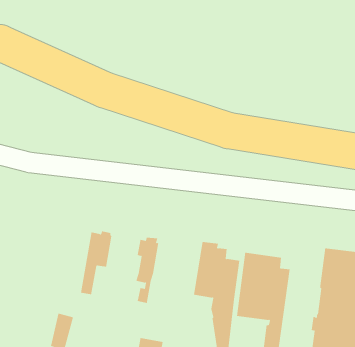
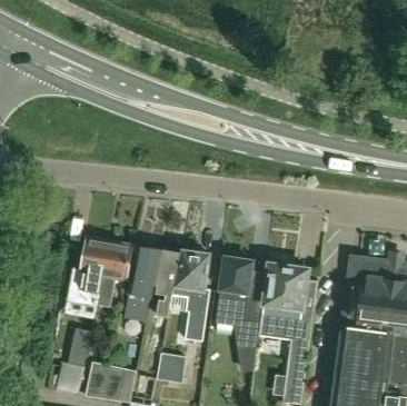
building: none -> [76,236,109,306]
building: none -> [126,247,161,319]
building: none -> [172,247,208,341]

